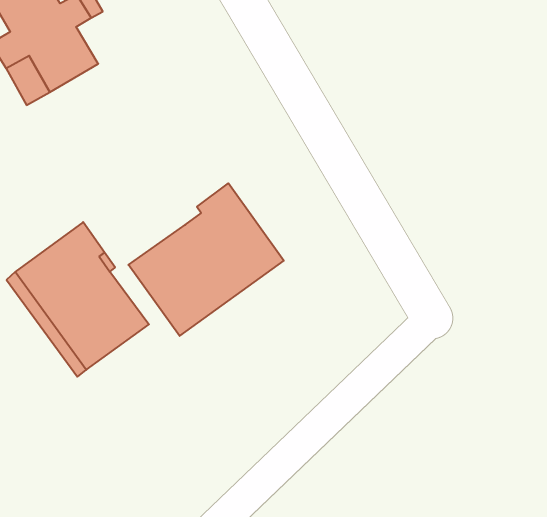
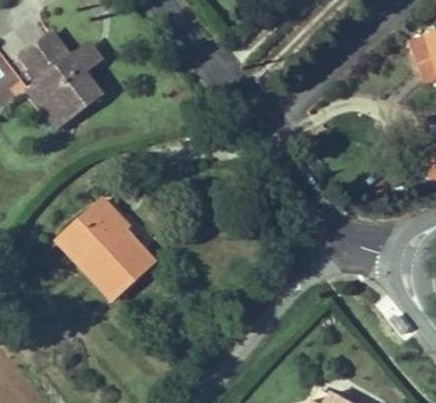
building: [128,183,284,336] -> none

